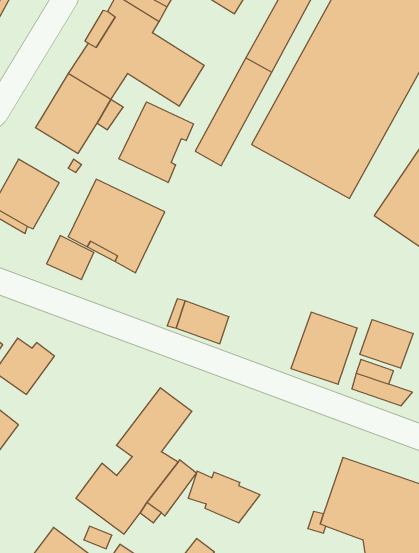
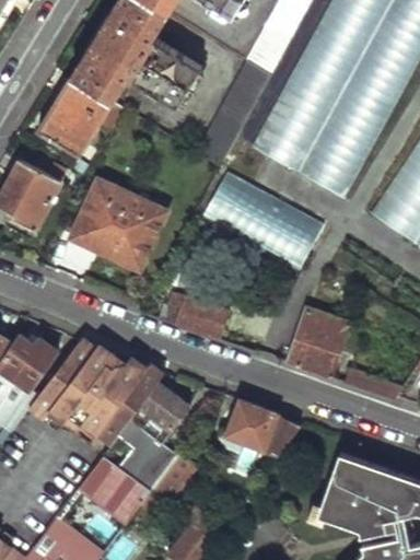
building: [119,102,194,183] -> none
building: none -> [202,175,324,272]
building: [360,320,413,368] -> none
building: none -> [31,339,167,443]
building: [188,471,260,523] -> [231,402,301,453]

